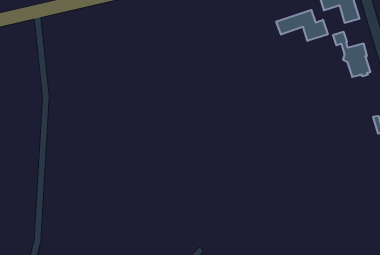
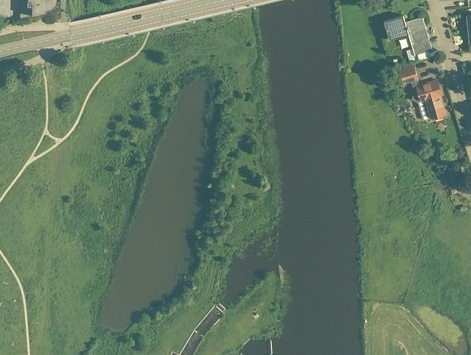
building: [276,10,328,41] -> none

